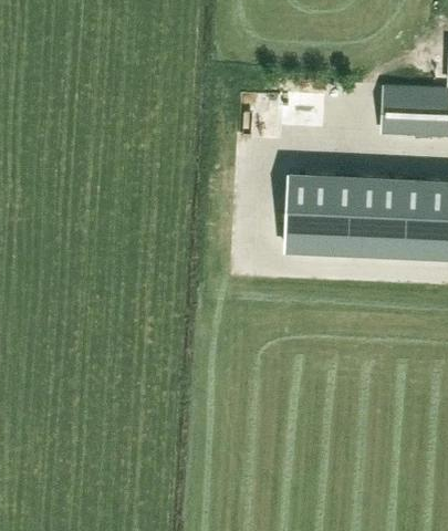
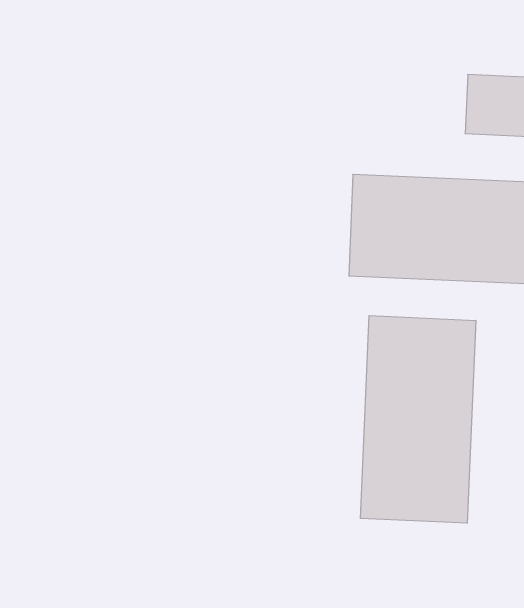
building: none -> [360,316,476,523]

